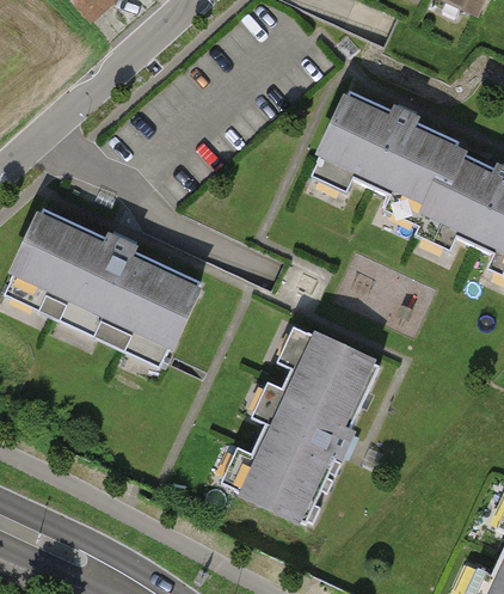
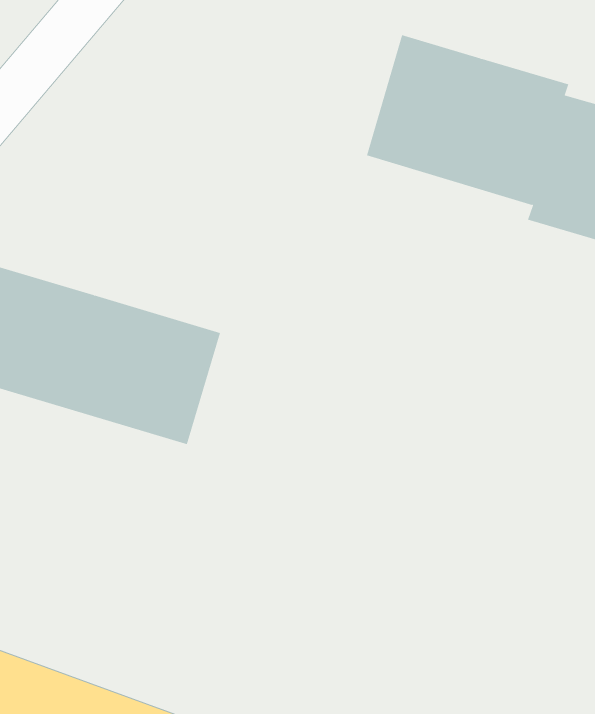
building: [231,332,382,527] -> none

